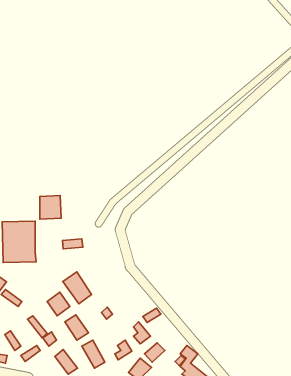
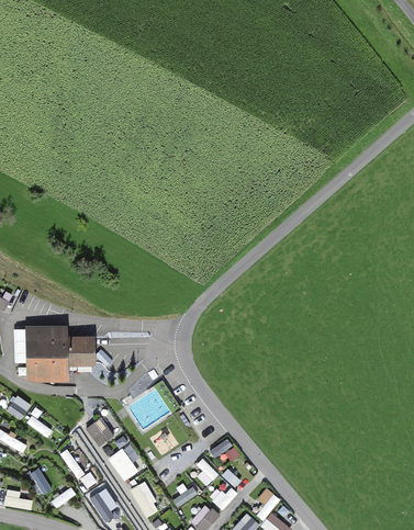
building: [40,196,61,219] -> [69,336,97,367]
building: [63,272,91,304] -> none

